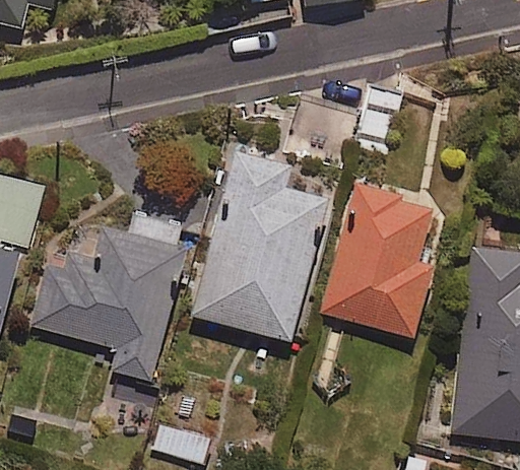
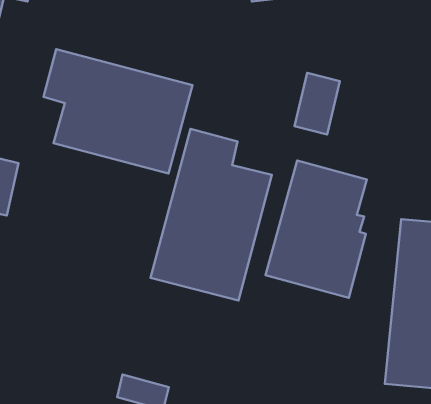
building: none -> [44,49,192,173]
building: [31,215,186,382] -> none

